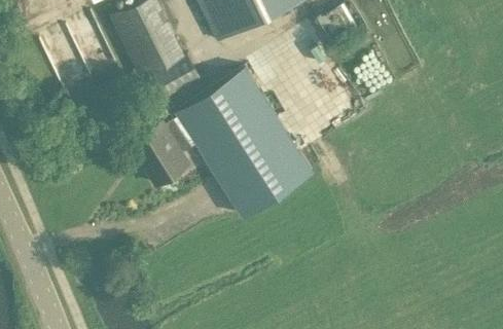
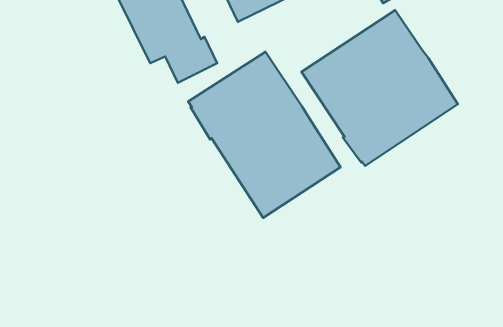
building: none -> [302,10,458,166]
building: [130,118,194,185] -> none

